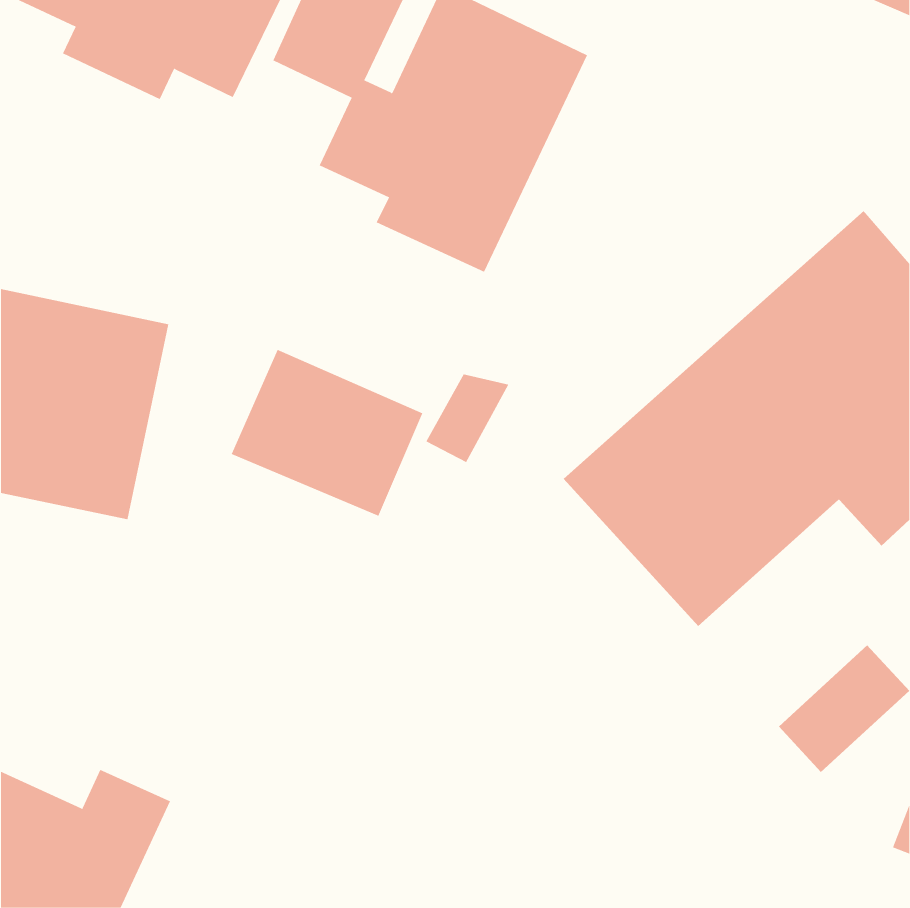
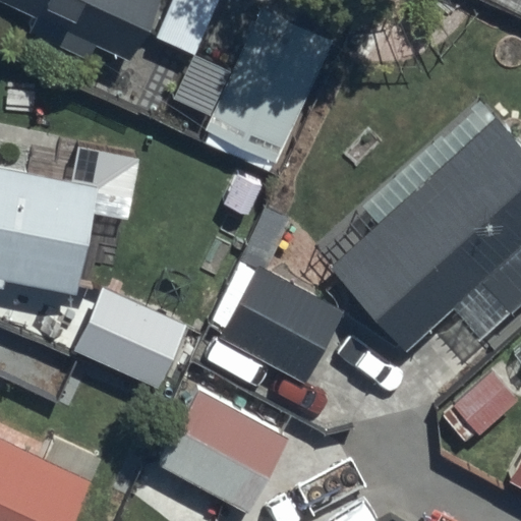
building: [231,349,423,516] -> [77,291,187,387]
building: none -> [212,264,345,394]
building: none -> [153,385,288,512]

